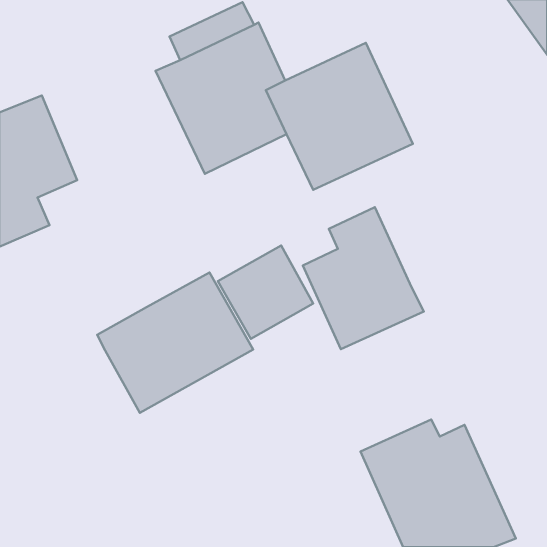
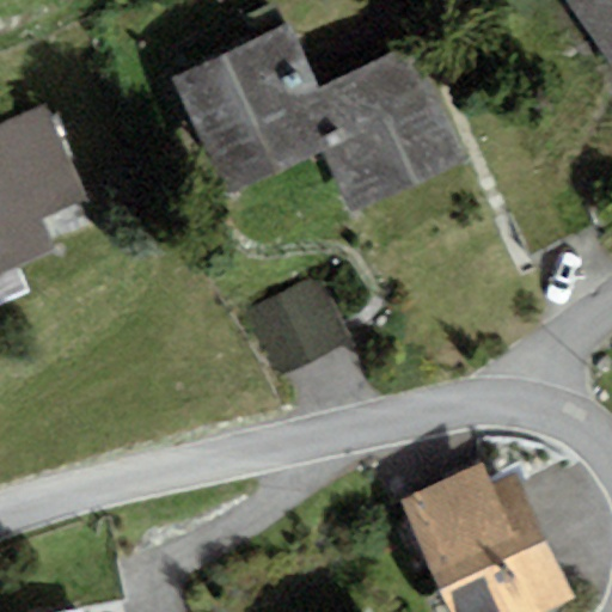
building: [303,207,424,349] -> none
building: [97,273,253,413] -> none

